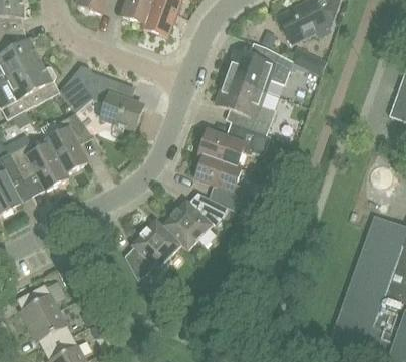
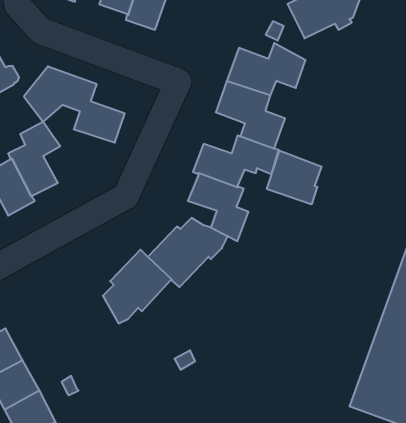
building: none -> [267,151,321,204]

